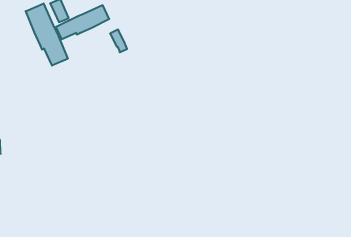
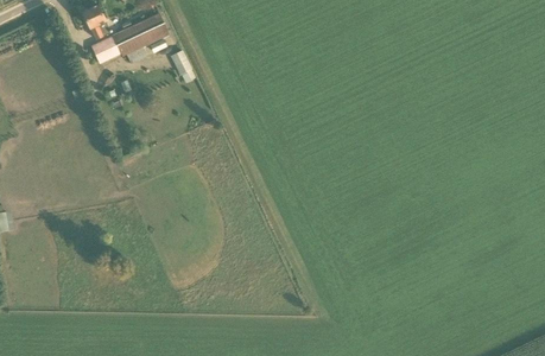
building: [26,3,68,66] -> none

